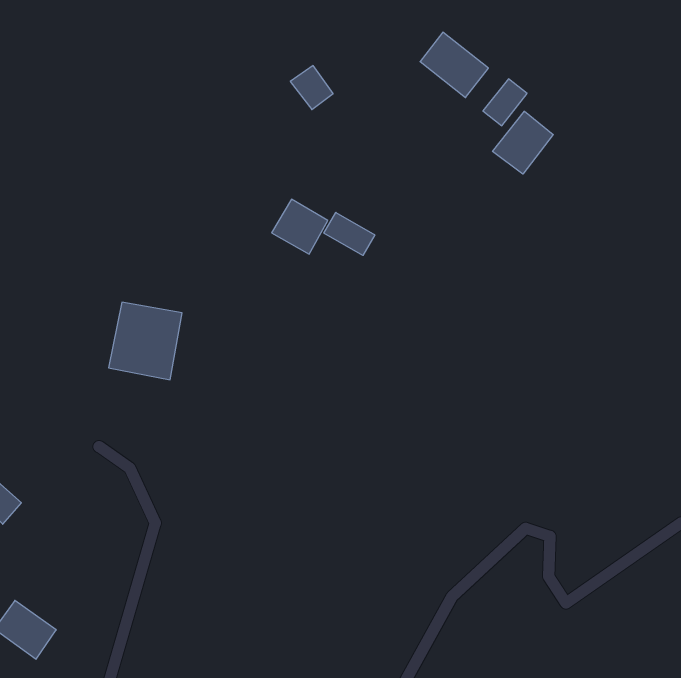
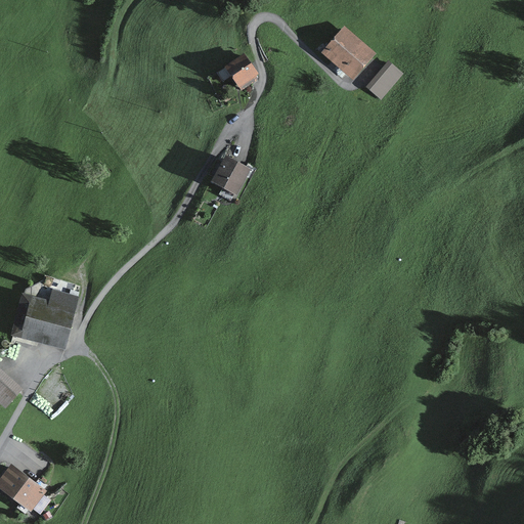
building: [493,111,553,174] -> none
building: [324,212,375,255] -> none
building: [109,302,182,380] -> [18,288,75,347]

